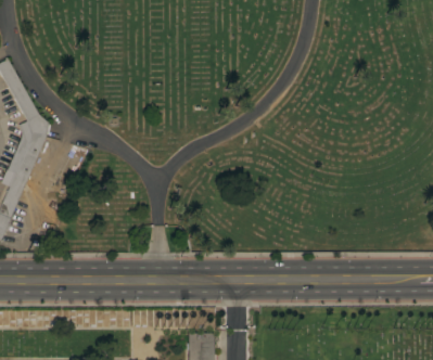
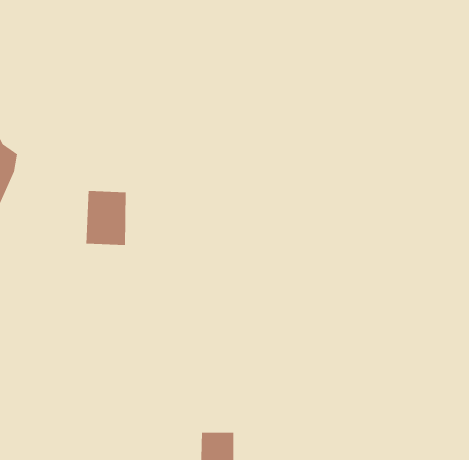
building: none -> [86,190,126,246]

